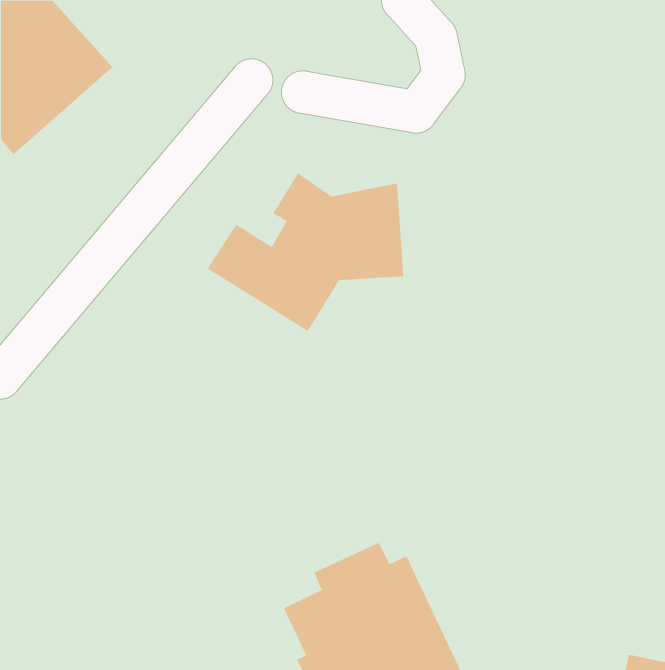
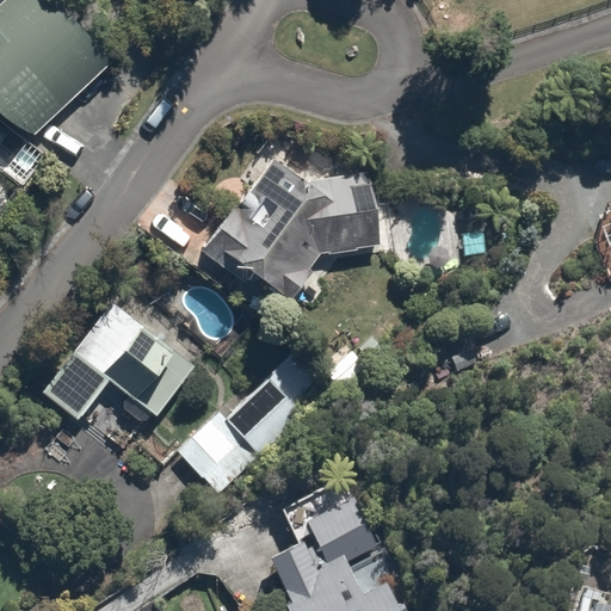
building: none -> [42,303,195,427]
building: none -> [175,362,317,492]

